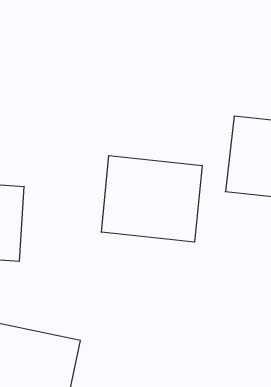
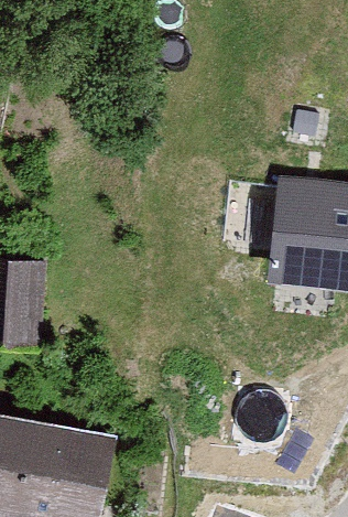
building: [101,156,202,242] -> none

